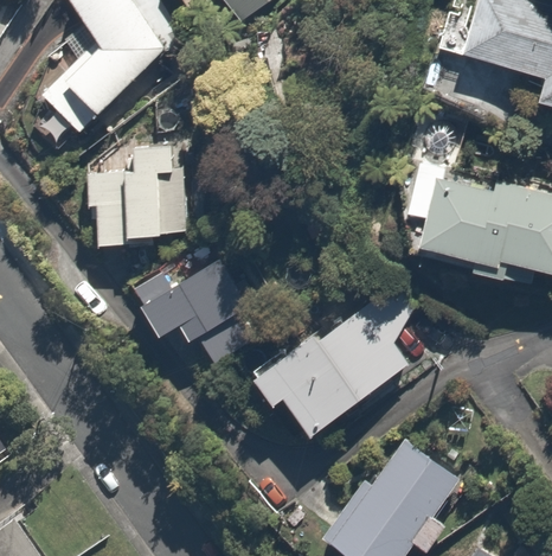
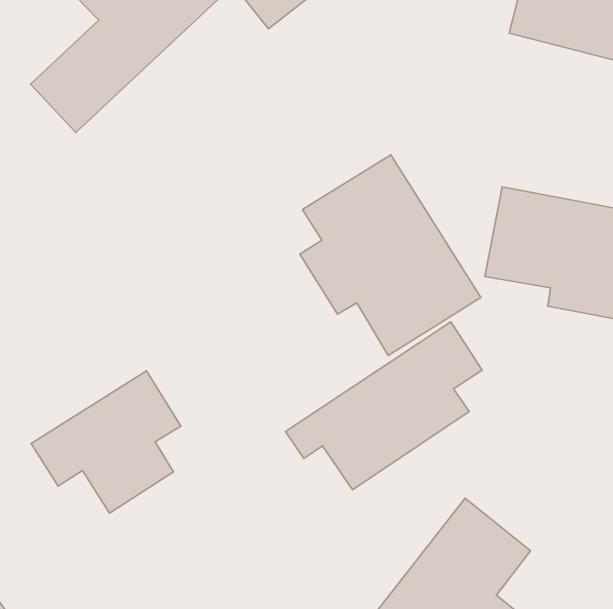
building: [86,140,187,251] -> none
building: none -> [300,155,481,355]
building: [135,241,259,359] -> [31,371,181,513]

